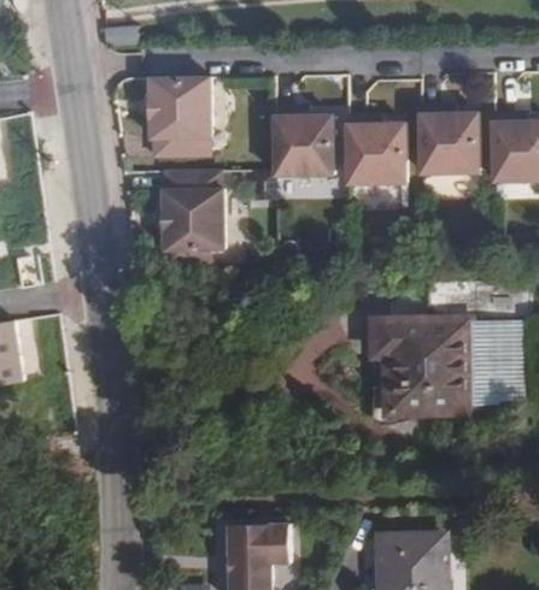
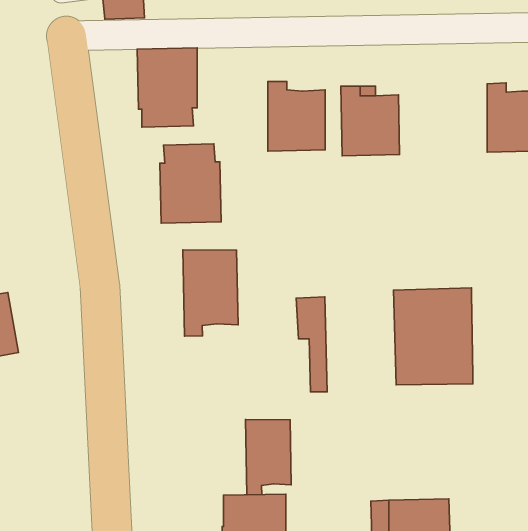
building: [418,104,476,173] -> none
building: none -> [183,250,238,336]
building: [369,319,400,414] -> [296,297,327,392]
building: [476,321,523,405] -> none
building: none -> [245,419,291,495]

